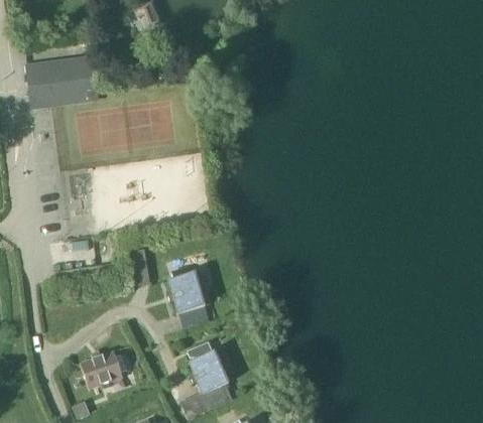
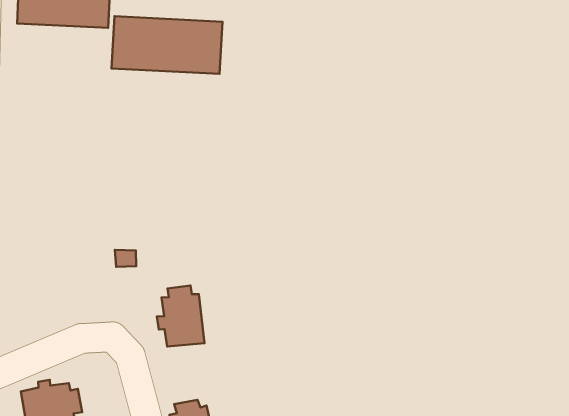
building: none -> [111,16,223,74]

